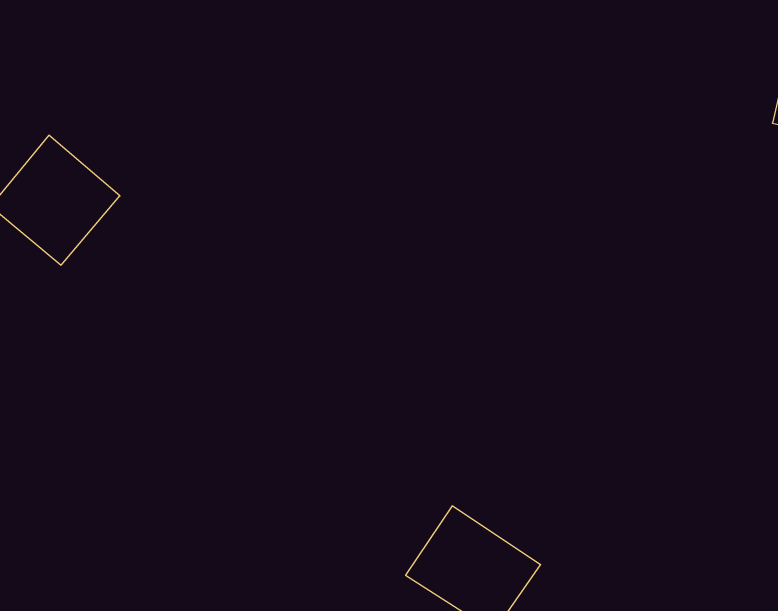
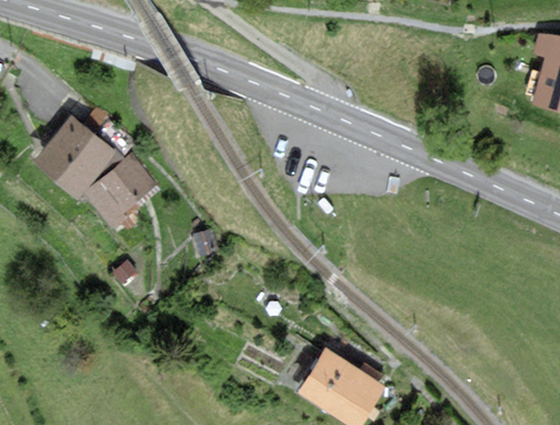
building: none -> [86,156,154,222]

